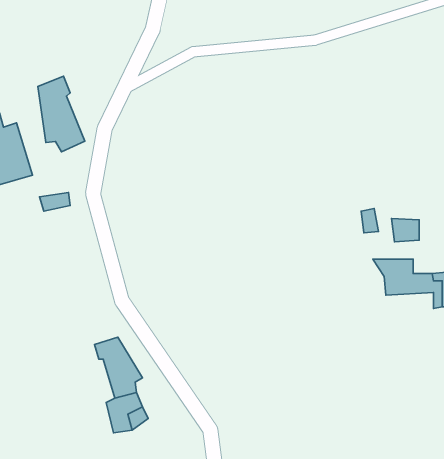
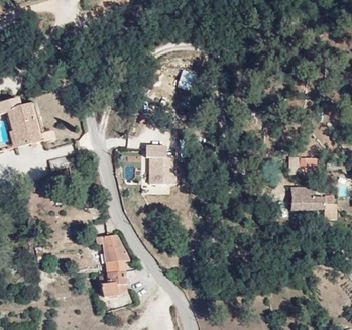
building: [38,76,85,152] -> none
building: none -> [146,149,180,188]

